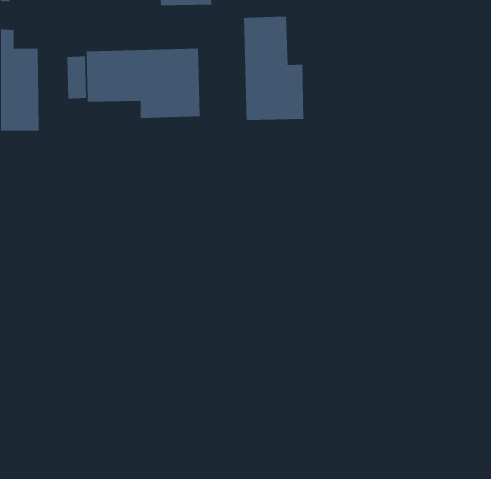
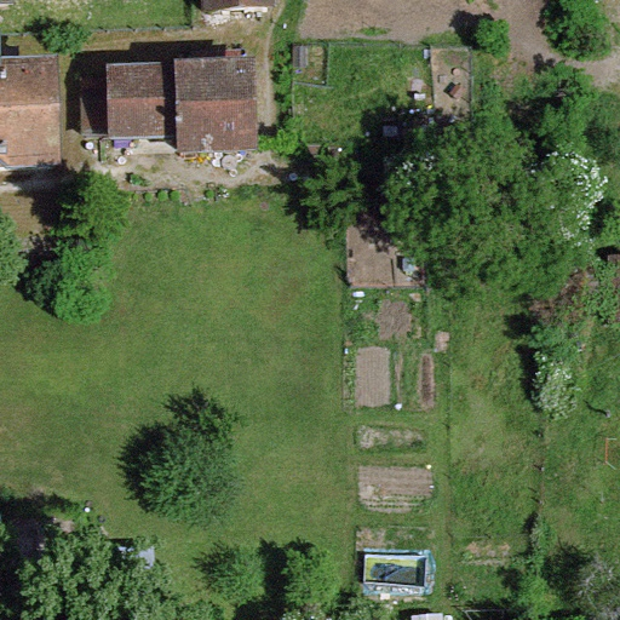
building: [244,16,304,121] -> none

